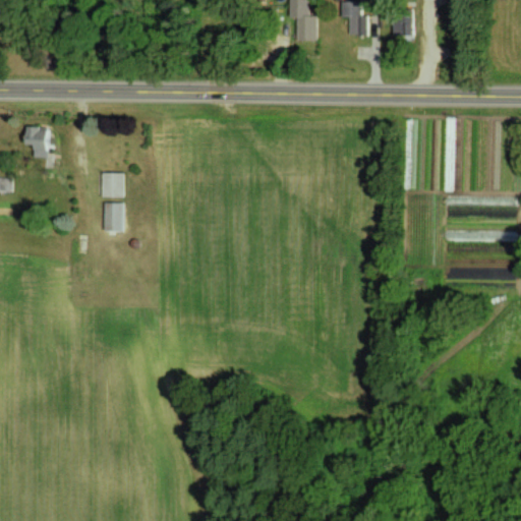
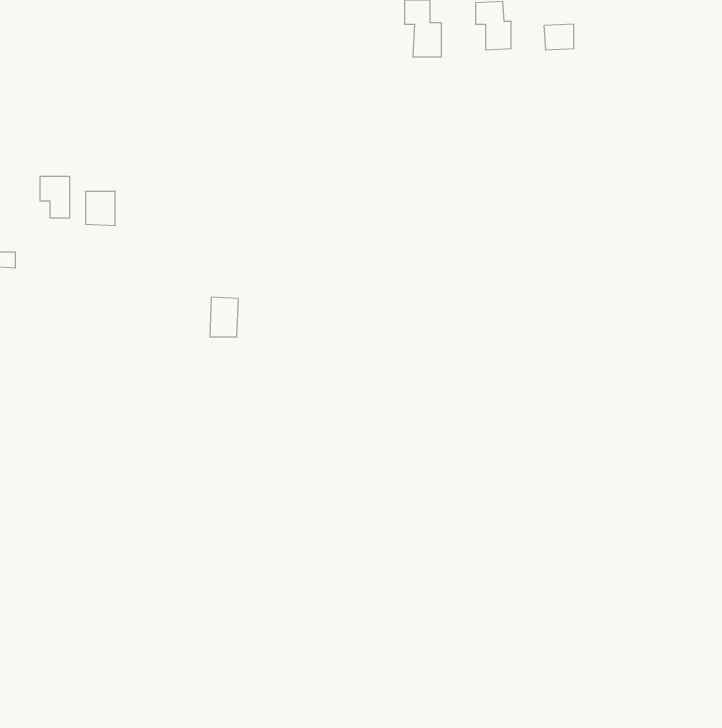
building: [103,172,124,196] -> [85,191,115,226]
building: [104,201,124,230] -> [210,297,238,337]

